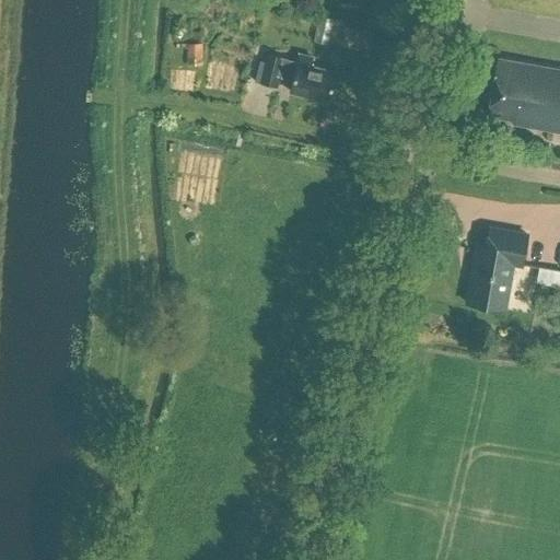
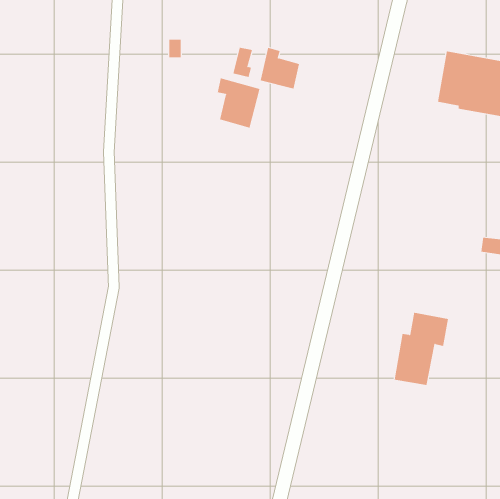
building: none -> [217,77,260,129]
building: [468,229,529,311] -> [394,312,449,386]

